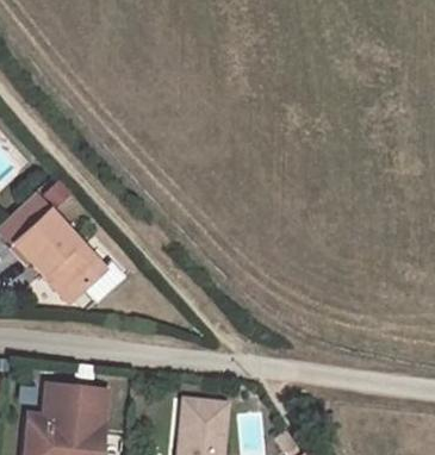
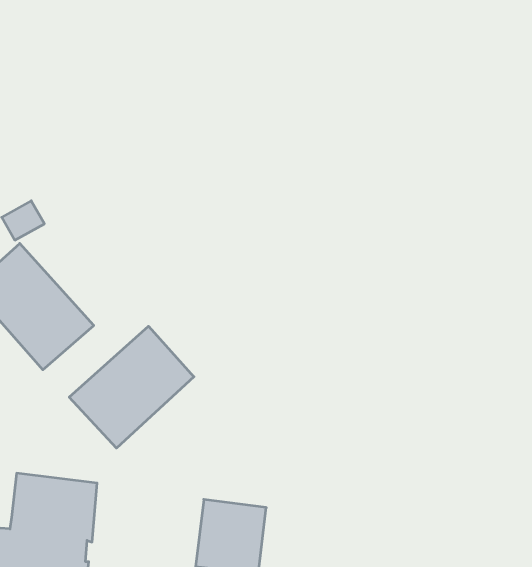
building: none -> [69,326,194,448]

